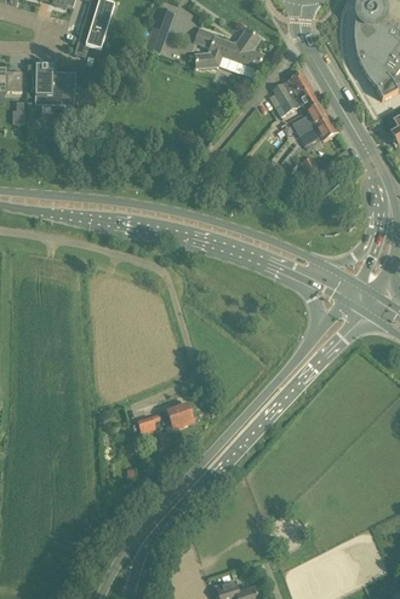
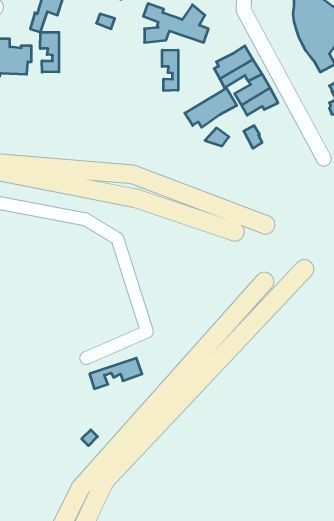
building: none -> [40,32,59,72]
building: none -> [162,50,178,91]
building: none -> [185,88,237,127]

